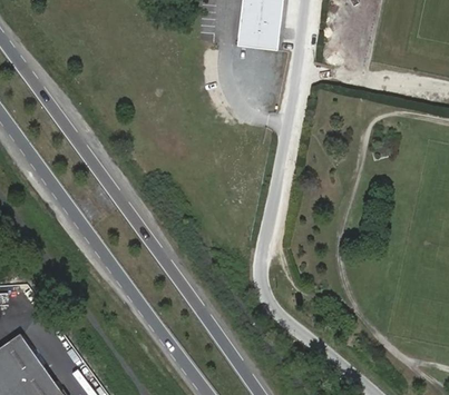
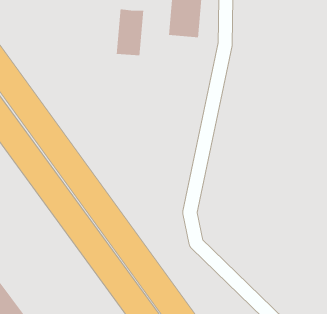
building: none -> [116,9,144,56]

